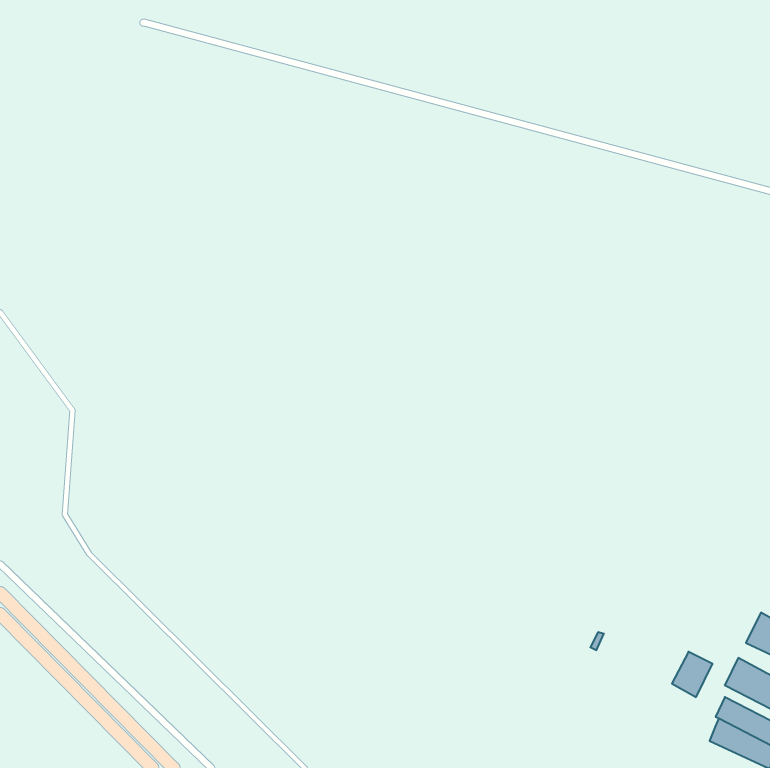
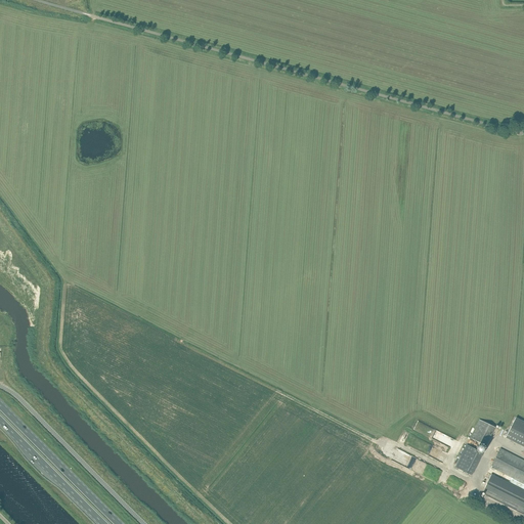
building: none -> [471,418,496,444]

